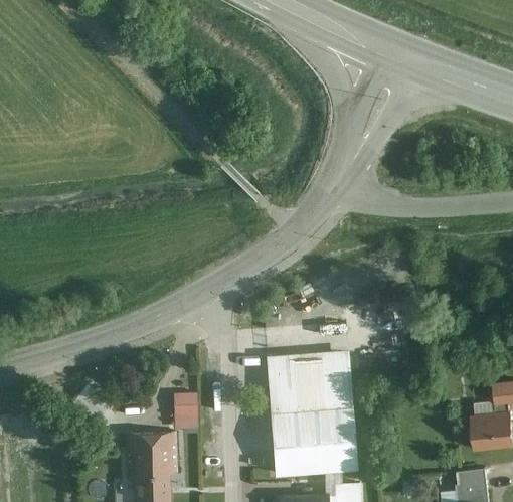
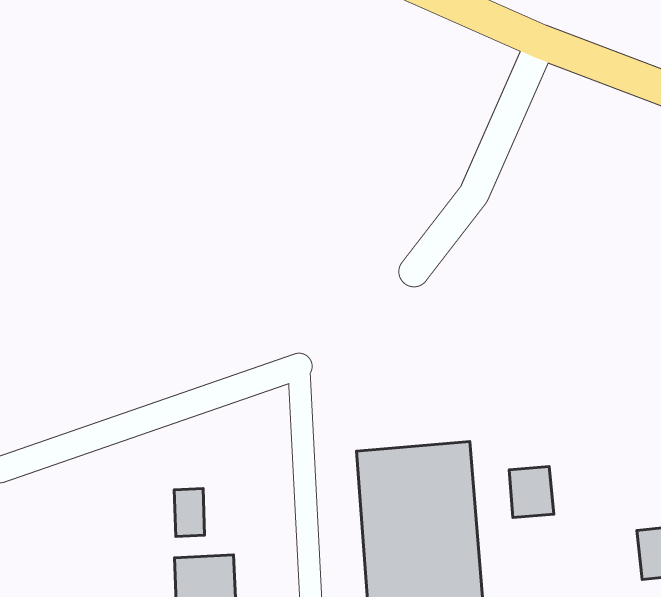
building: none -> [509,467,554,518]
building: [173,394,195,430] -> [174,489,204,536]

